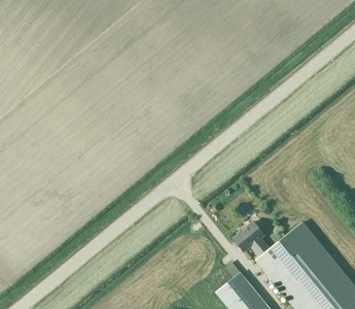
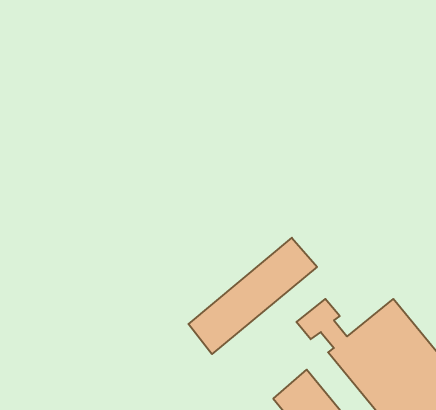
building: none -> [188,238,317,354]

